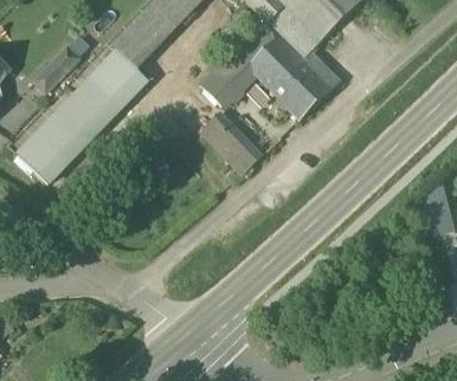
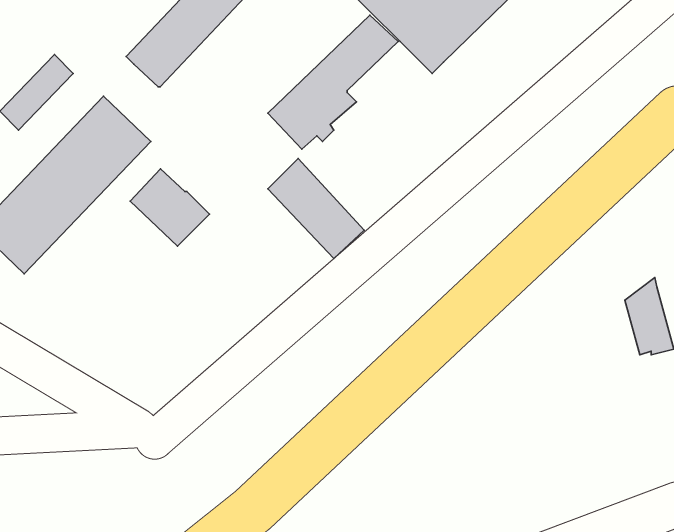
building: [250,37,340,118] -> none
building: [97,51,147,99] -> [130,169,209,246]

